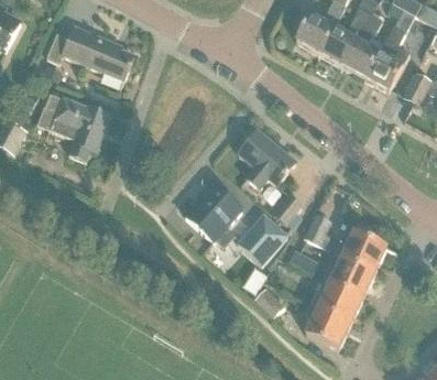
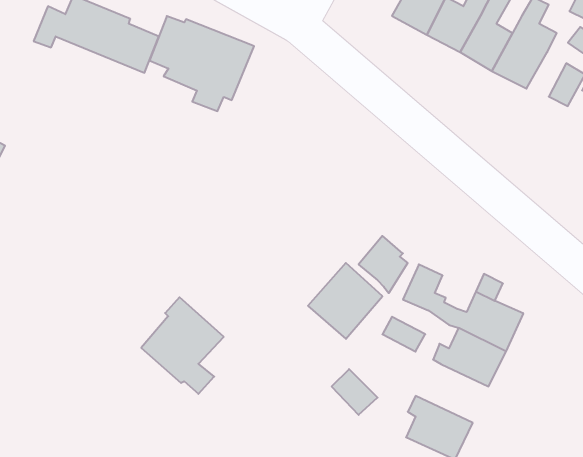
building: [37,94,110,160] -> [149,16,254,111]
building: [238,130,295,187] -> none
building: [185,181,242,248] -> [141,297,224,394]
building: [312,282,362,323] -> none

